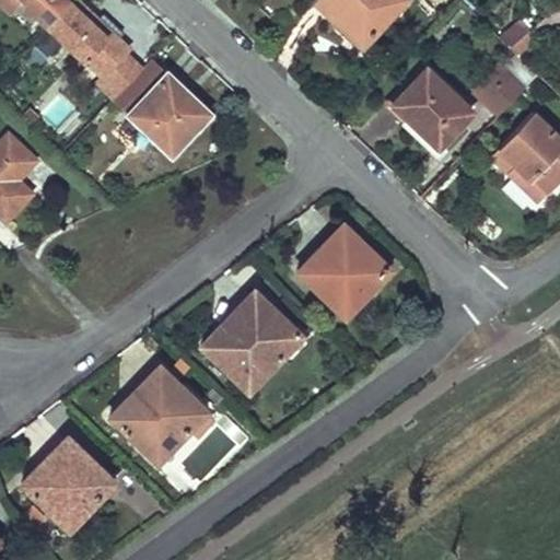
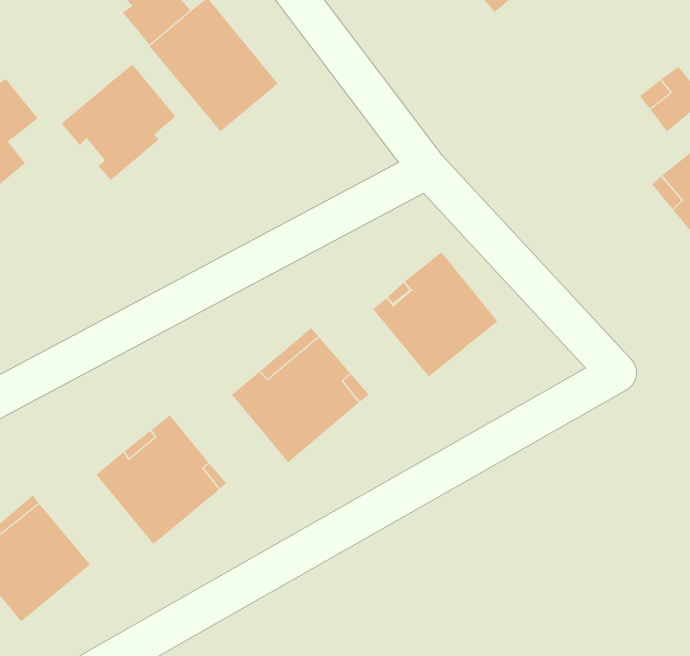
building: [392,70,471,149] -> none
building: none -> [61,64,176,181]

